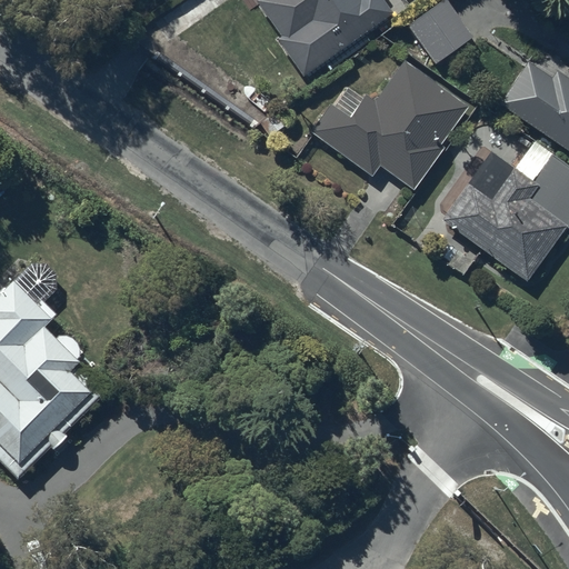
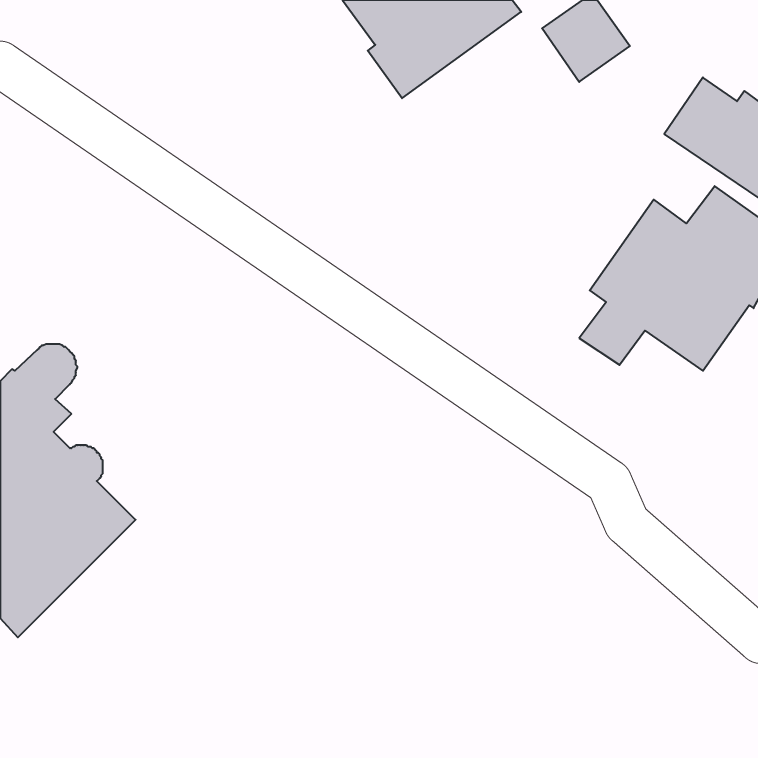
building: [309,60,467,189] -> none

